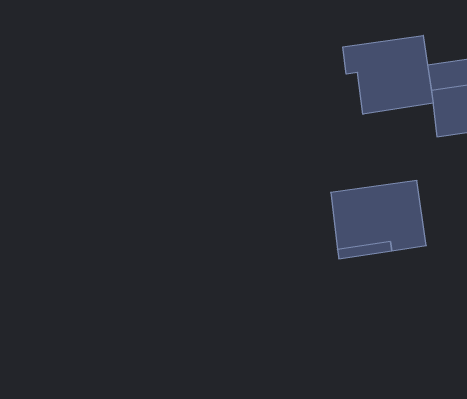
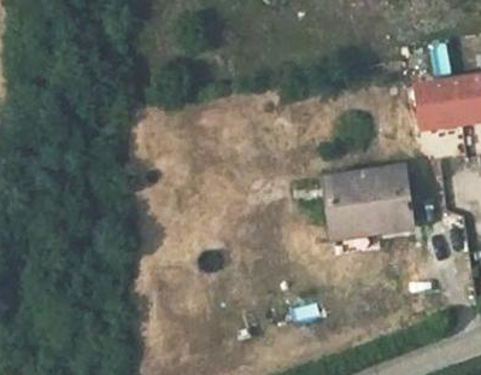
building: [343,35,433,114] -> none

